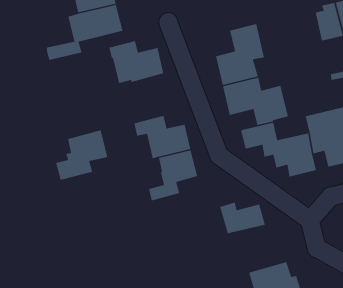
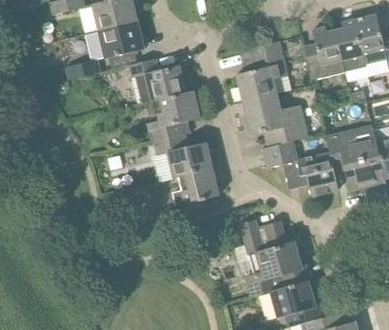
building: none -> [304,27,345,79]
building: [55,129,108,181] -> [147,90,200,142]
building: none -> [245,242,310,296]

